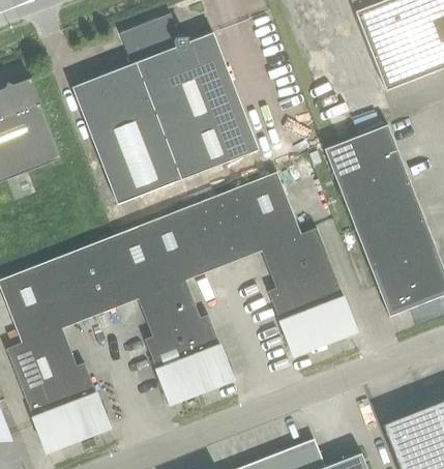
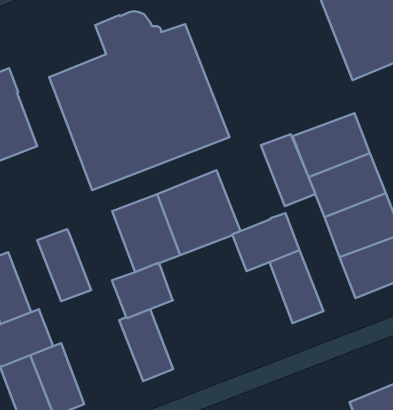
building: [245,173,301,247] -> [261,134,315,206]
building: [91,227,161,309] -> none
building: [30,257,85,331] -> none
building: [268,280,324,355] -> none
building: [177,315,233,390] -> none

